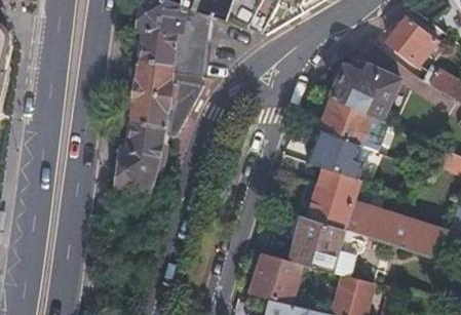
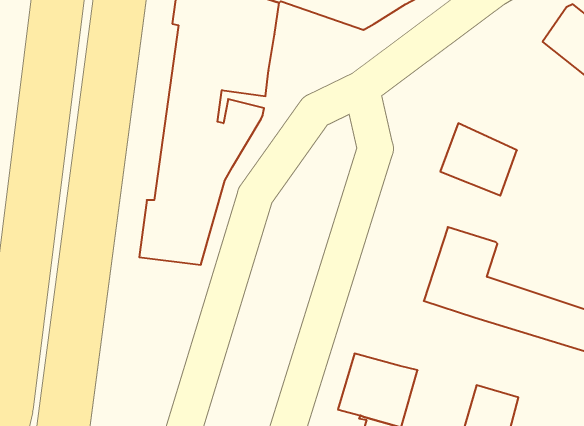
building: [331,65,398,119] -> none
building: [306,129,363,178] -> none
building: [292,216,343,272] -> none

